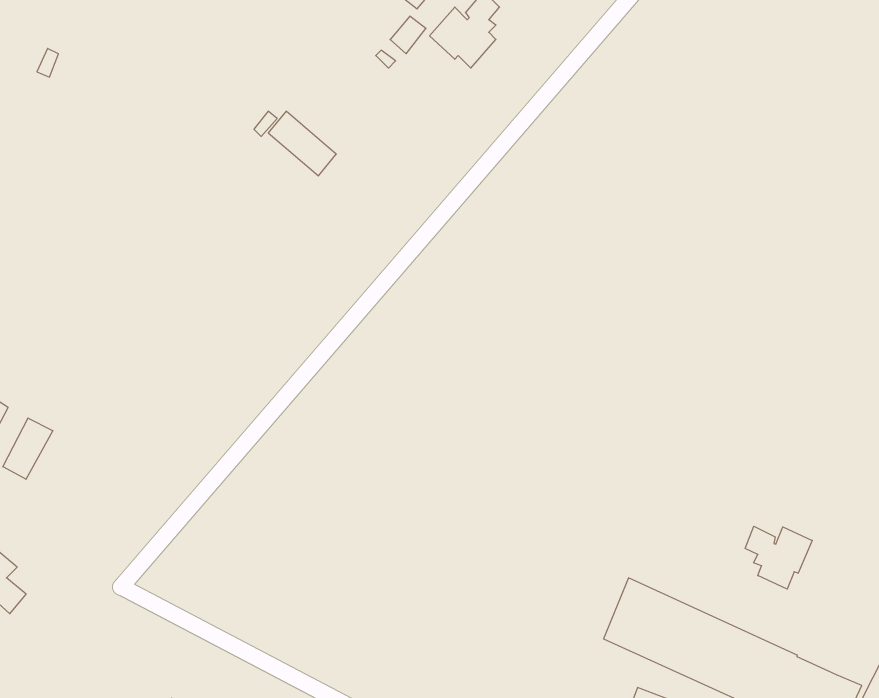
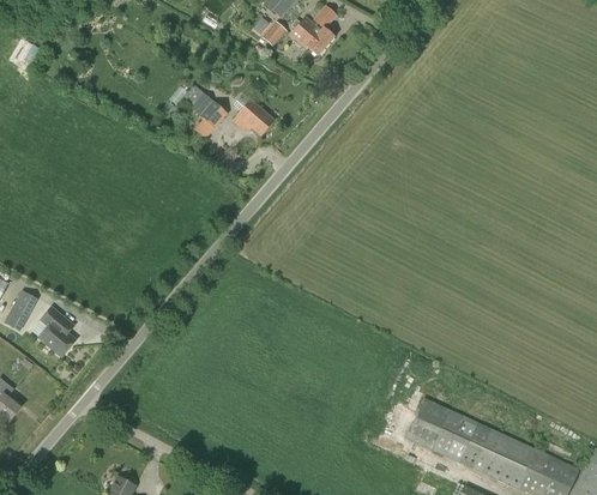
building: none -> [236,99,275,137]
building: none -> [37,307,74,356]
building: [745,526,812,589] -> none

